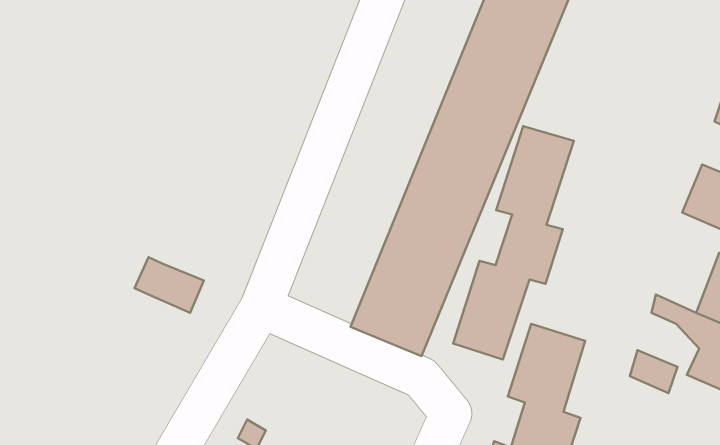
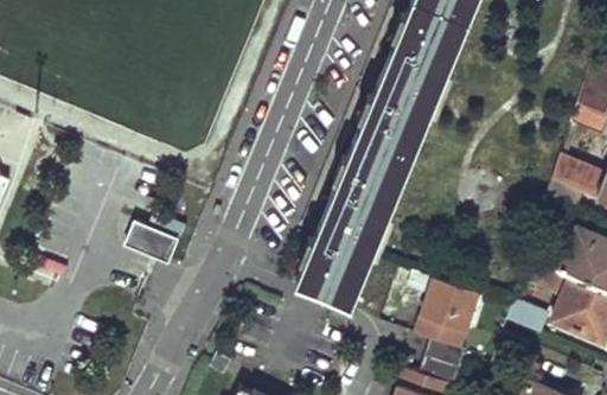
building: [453,126,574,360] -> none

